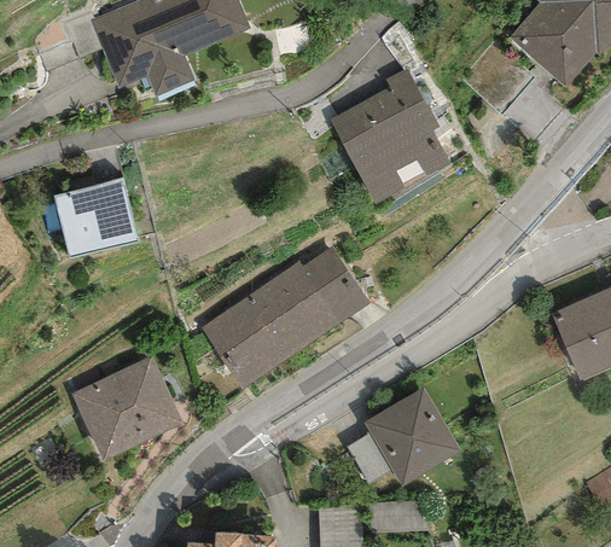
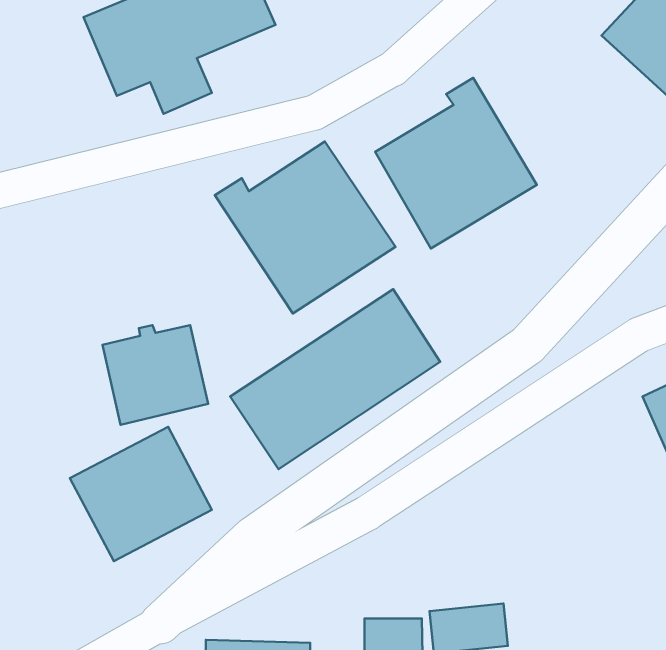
building: none -> [215,142,396,314]
building: [51,181,135,261] -> [102,325,208,425]
building: [353,383,466,477] -> none

